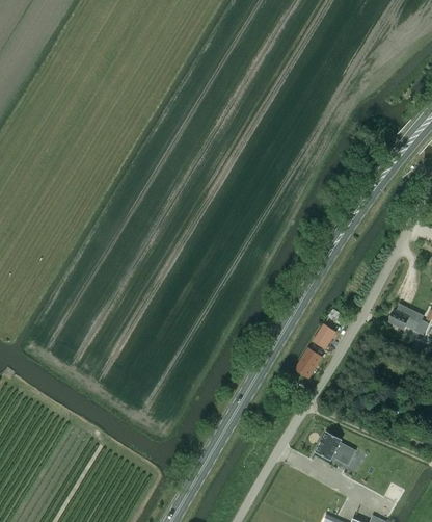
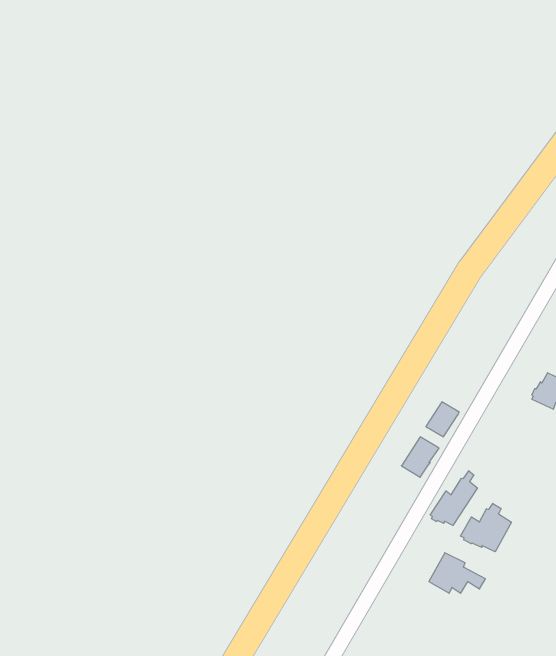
building: none -> [430,471,477,525]
building: none -> [460,503,511,552]

